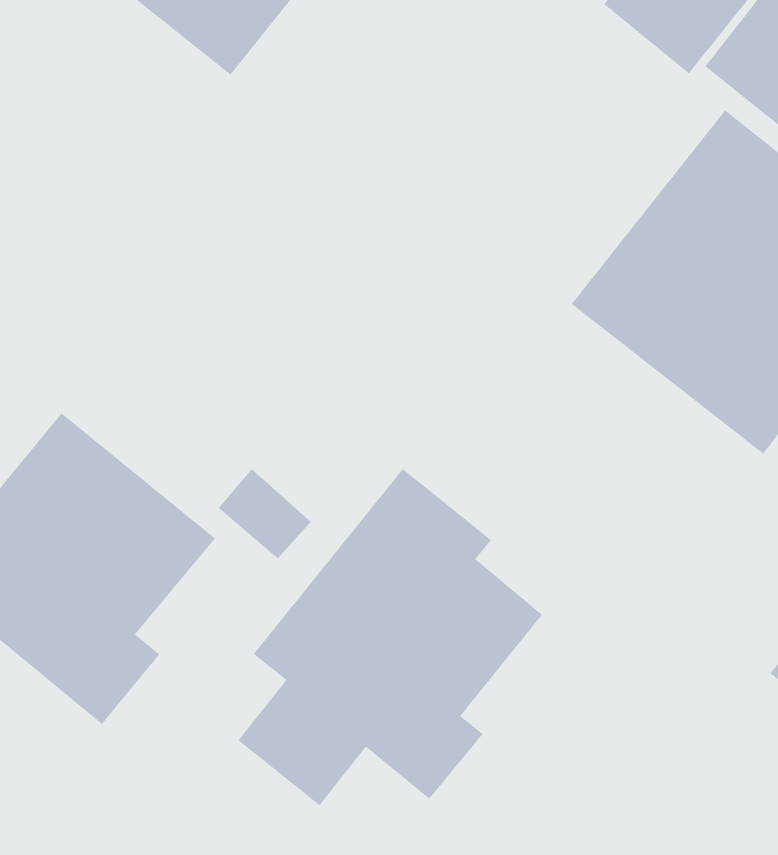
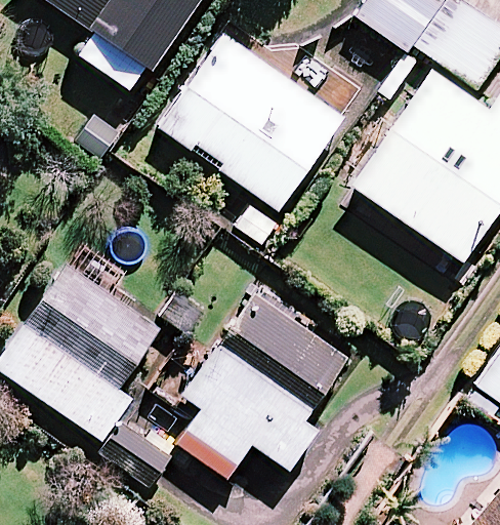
building: none -> [159,34,344,210]

